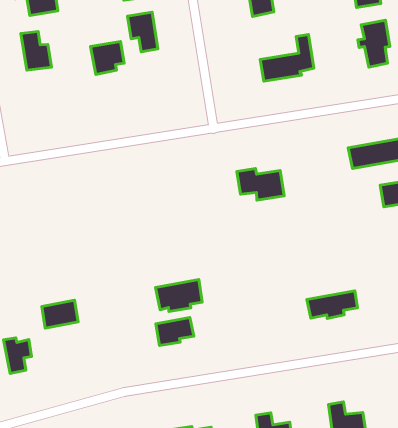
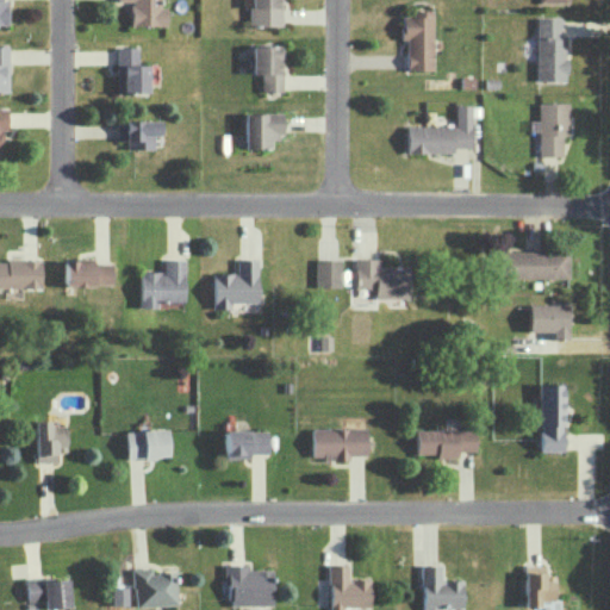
building: [90,42,124,75] -> [245,114,284,150]
building: none -> [119,122,162,151]
building: none -> [318,261,343,290]
building: none -> [214,261,260,311]
building: none -> [141,261,187,310]
building: none -> [66,261,114,287]
building: [155,280,202,311] -> [315,429,369,462]
building: [42,300,78,328] -> [129,431,170,460]

